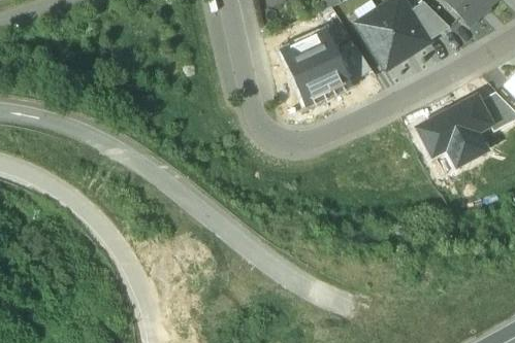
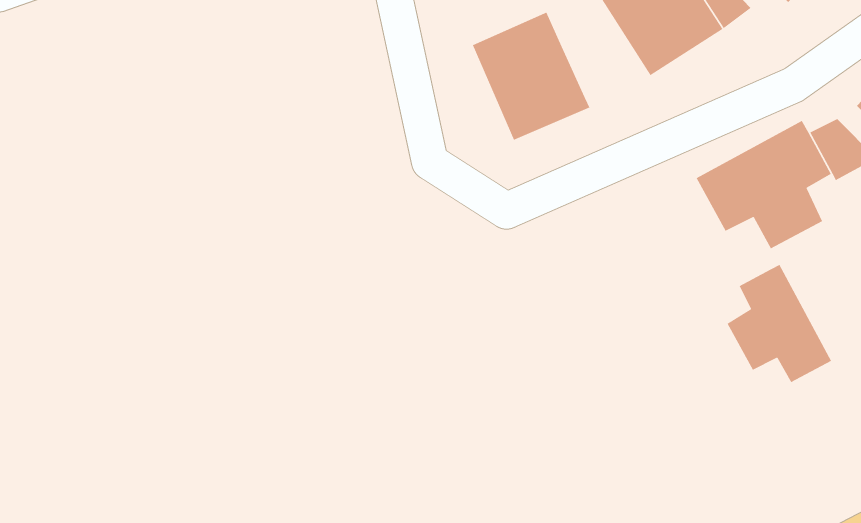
building: [334,41,371,79] -> none
building: none -> [727,264,832,383]

